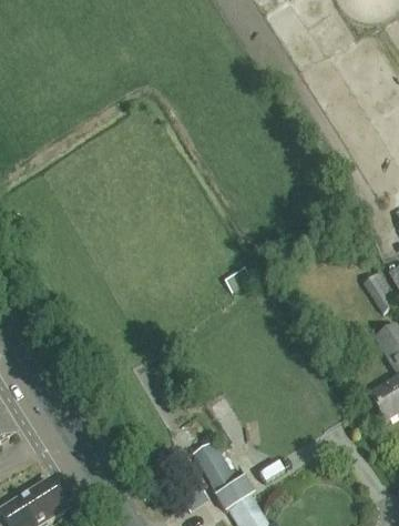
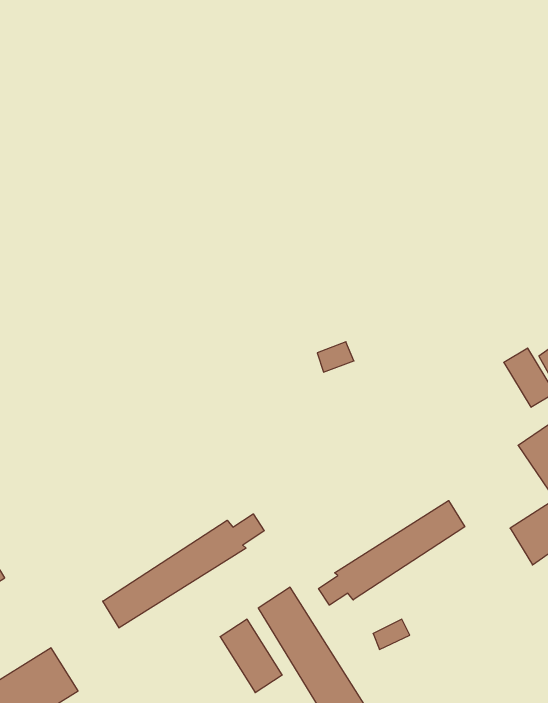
building: none -> [319,501,465,605]
building: none -> [103,514,264,628]

